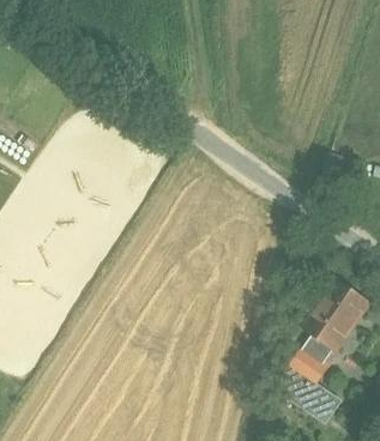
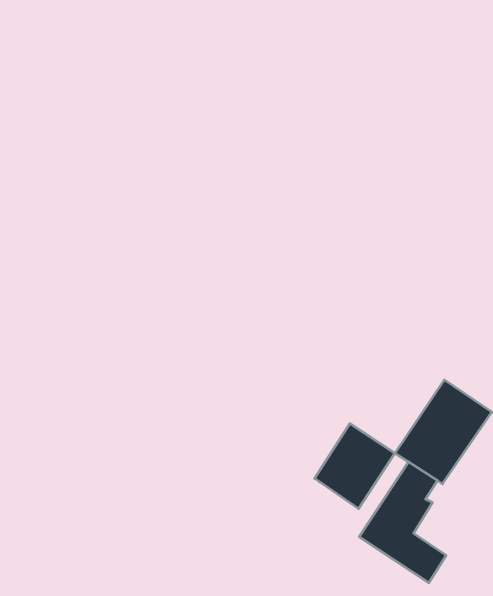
building: none -> [315,424,395,509]

